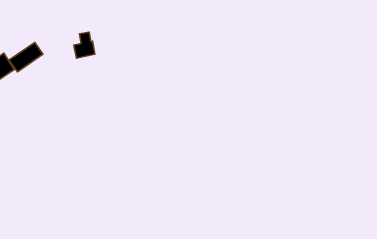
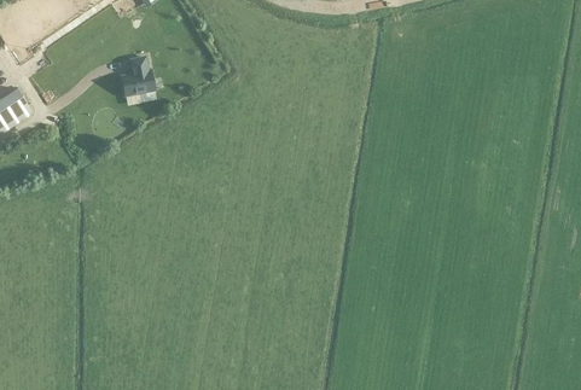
building: [9,43,43,72] -> none

